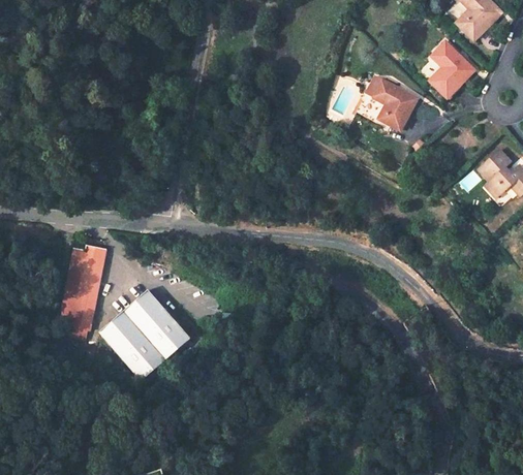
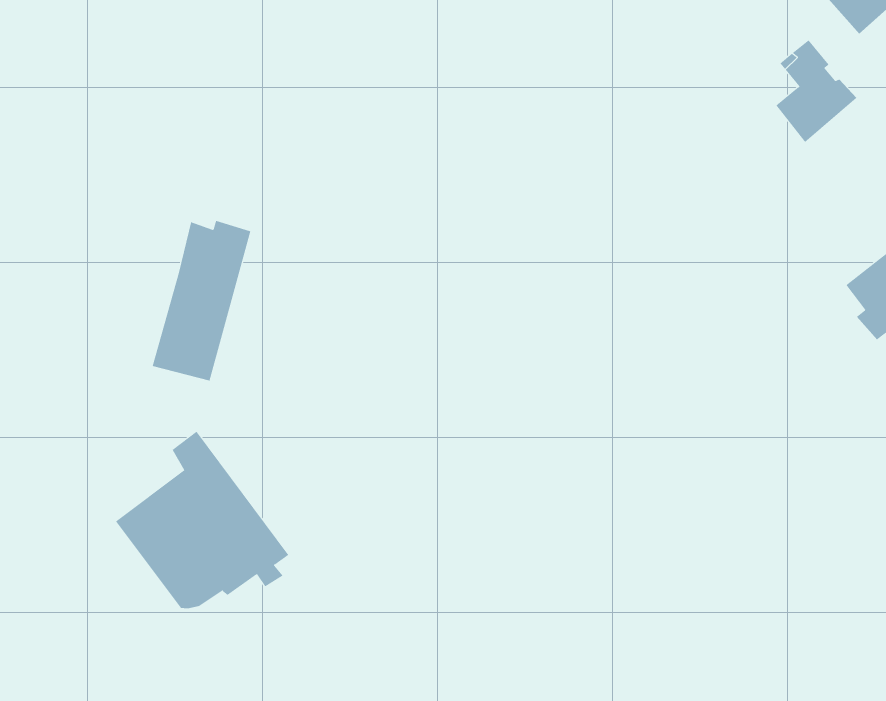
building: [366,78,421,129] -> none
building: [58,246,104,332] -> [152,220,251,381]

